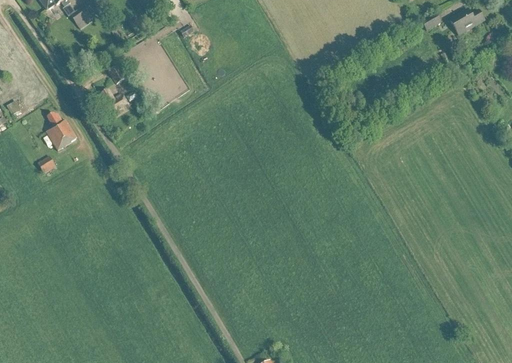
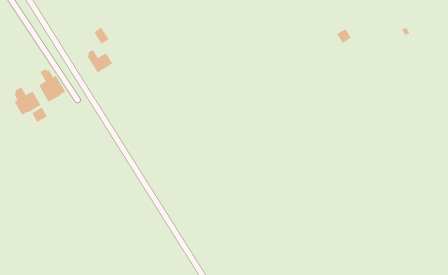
building: none -> [14,86,41,116]

